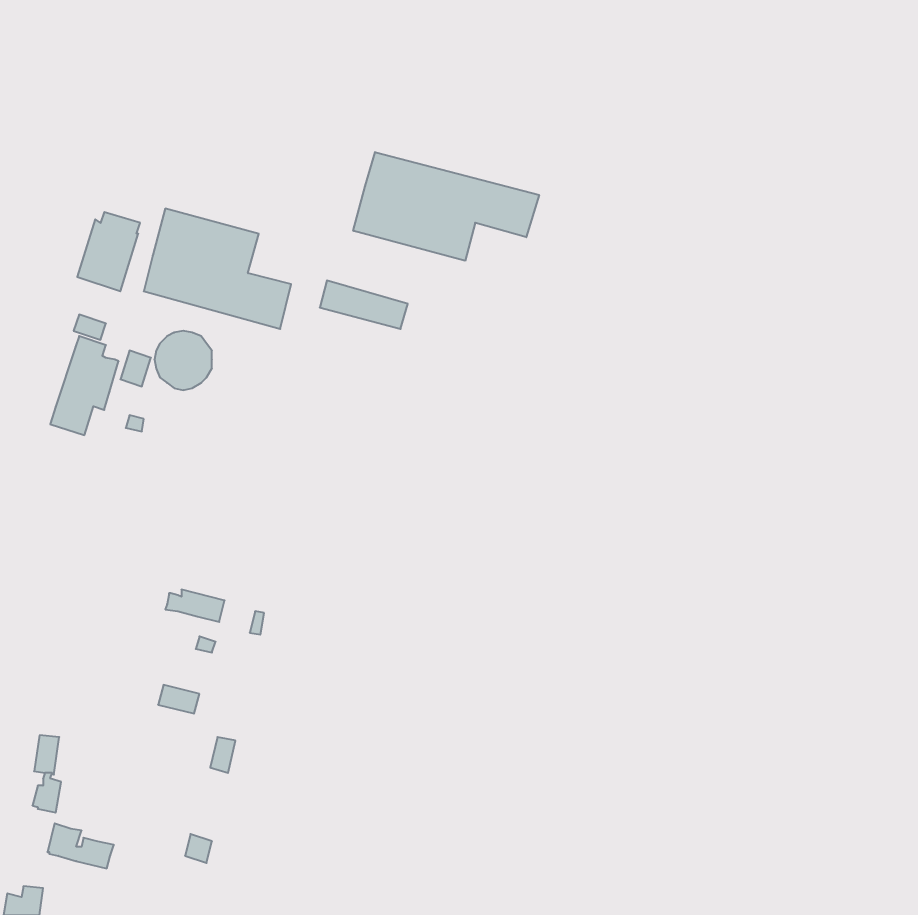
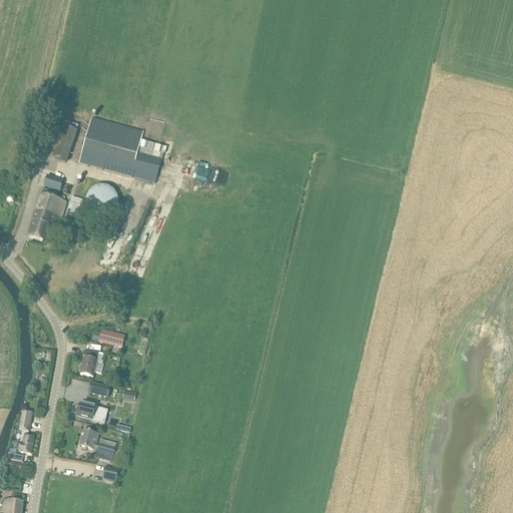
building: [353,152,539,261] -> none
building: none -> [80,349,105,377]
building: none -> [77,402,108,423]
building: [47,823,114,868] -> [80,430,117,455]

